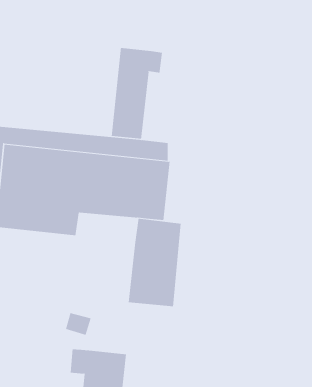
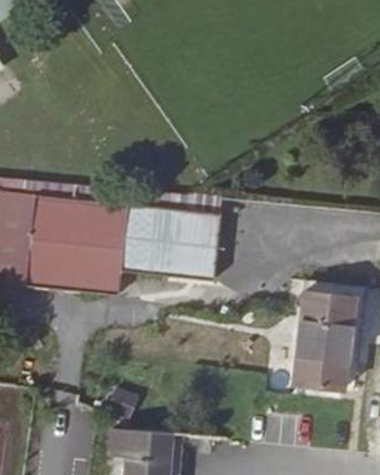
building: [111,47,162,140] -> none
building: [128,218,182,307] -> [294,299,353,396]

